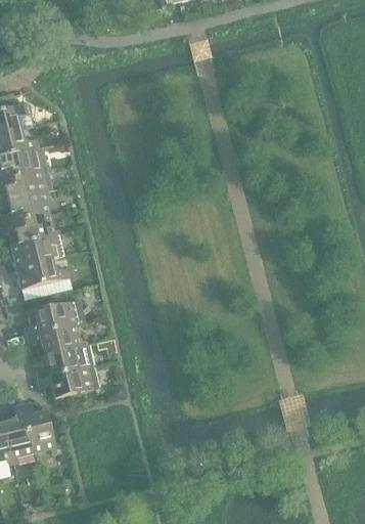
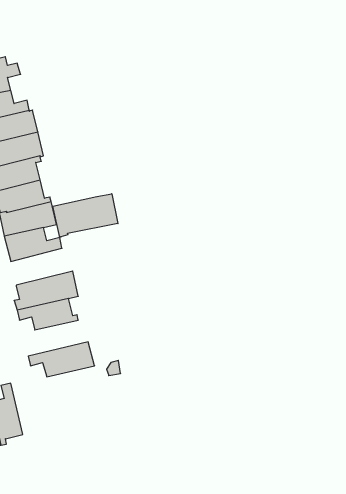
building: none -> [53,194,118,237]
building: [34,344,93,379] -> none
building: [20,402,56,453] -> none

